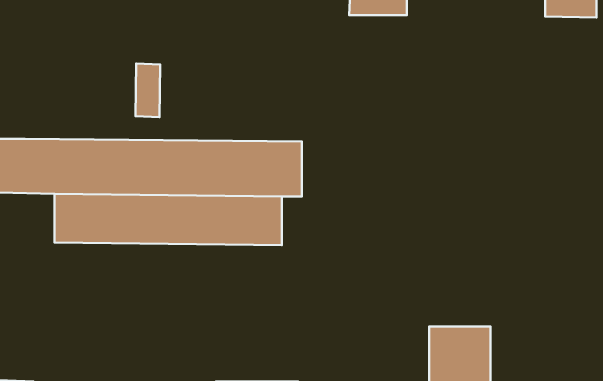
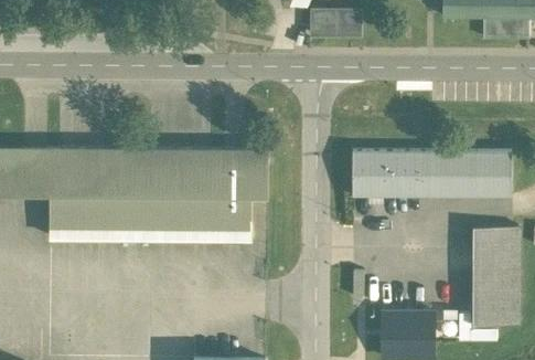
building: [136,64,160,117] -> none
building: none -> [351,149,510,194]
building: none -> [471,225,518,322]

